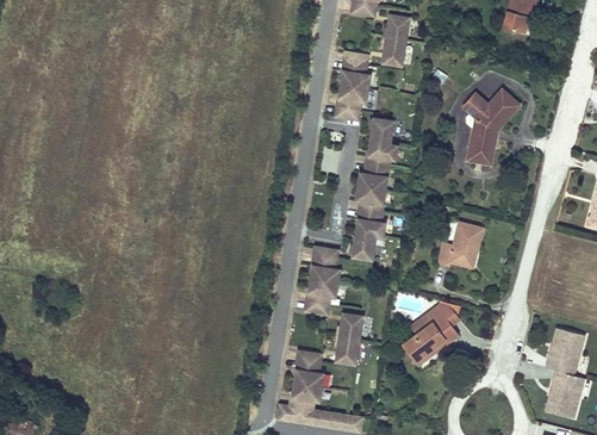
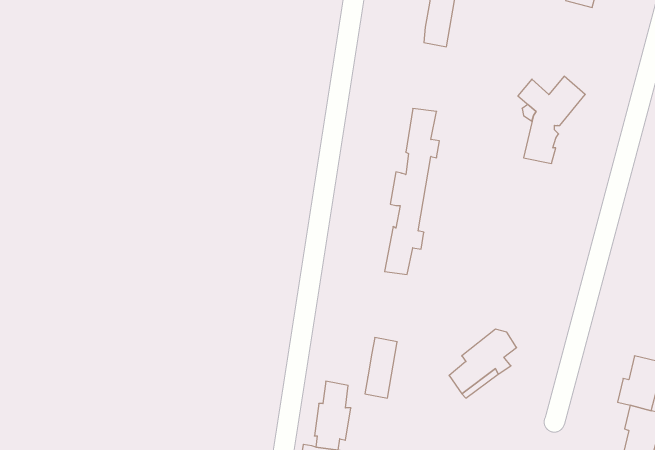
building: [338,52,369,119] -> none
building: [441,223,484,267] -> none
building: [306,246,337,313] -> none

